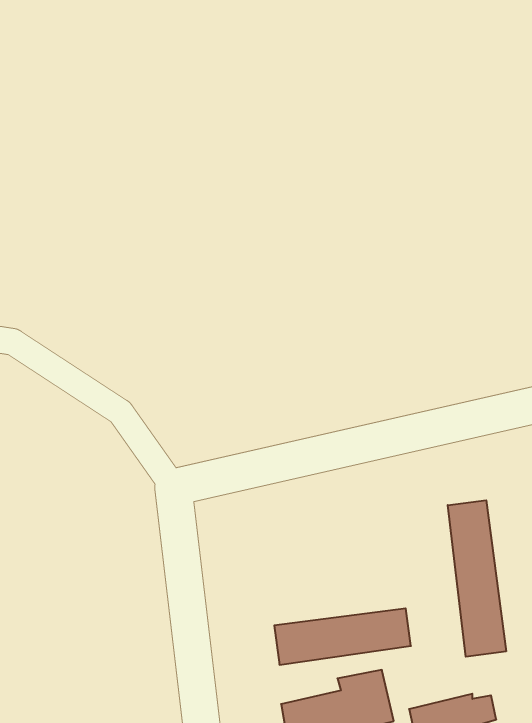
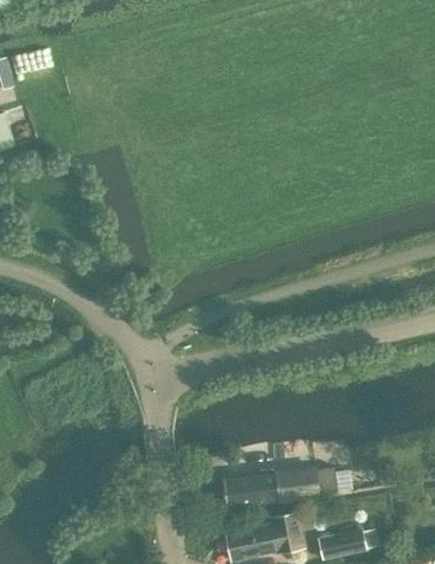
building: [448,500,506,657] -> none

